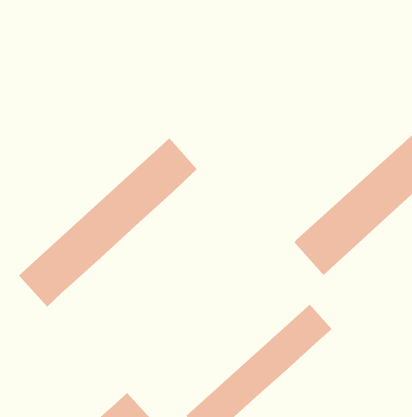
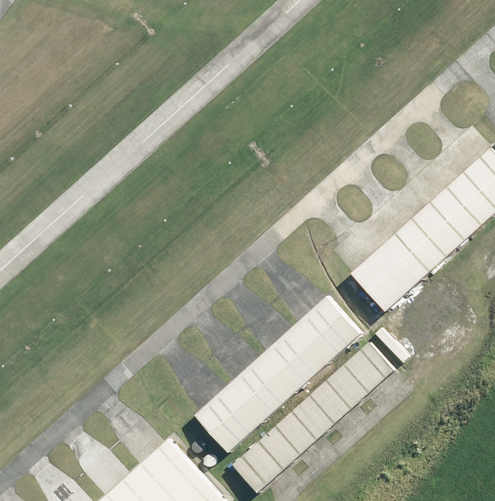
building: [18,137,198,307] -> none
building: none -> [195,295,361,453]

